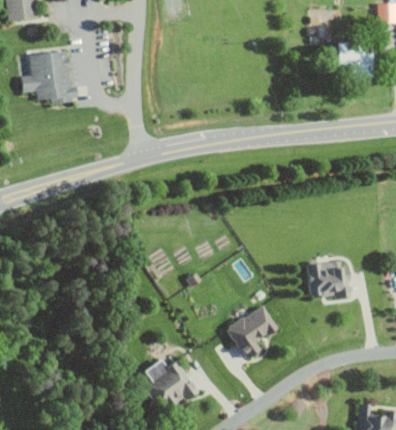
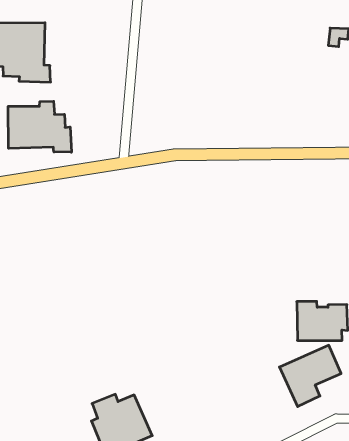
building: none -> [8,101,71,152]
building: [225,305,278,360] -> [279,345,341,407]

